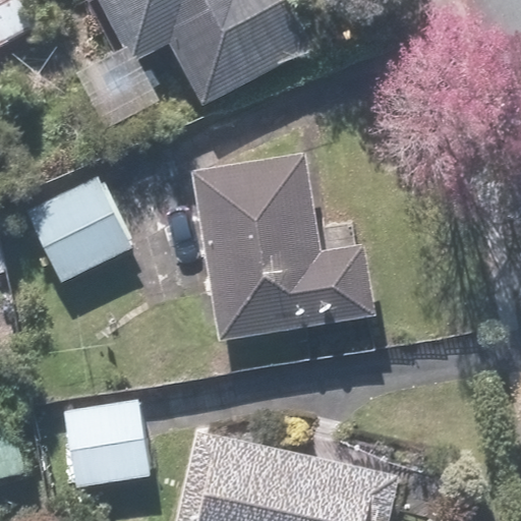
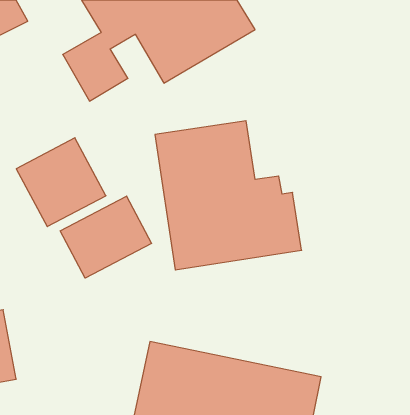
building: none -> [60,196,152,278]
building: [57,393,151,491] -> none

